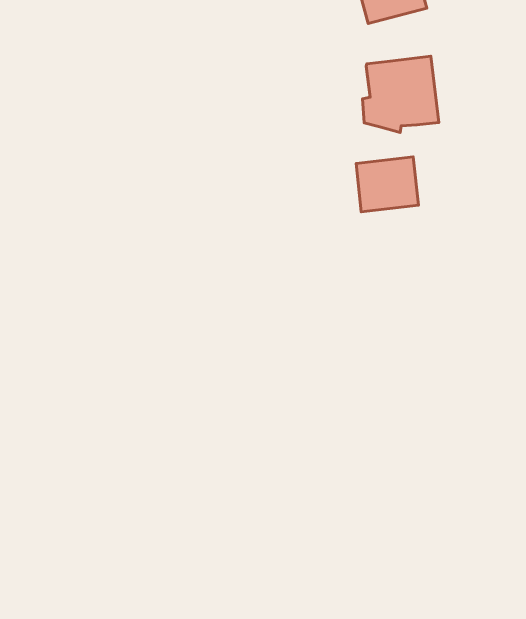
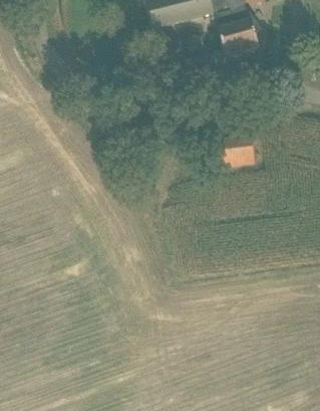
building: [363,56,439,133] -> none

